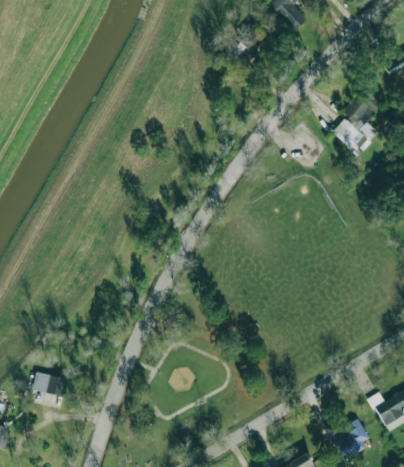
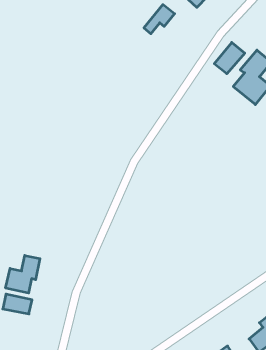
building: none -> [214,42,245,74]
building: none -> [6,255,40,293]

